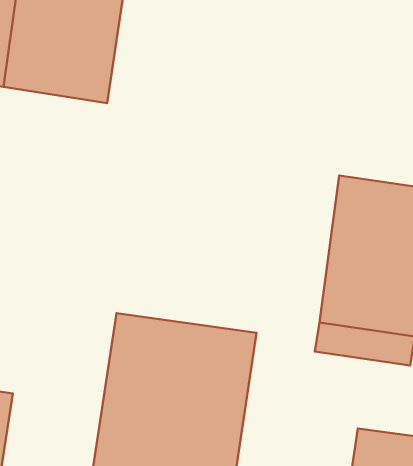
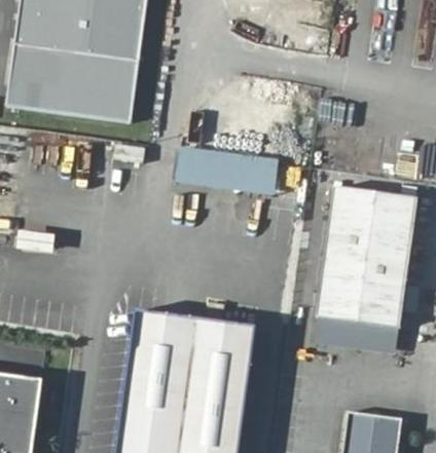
building: none -> [172,148,279,196]

